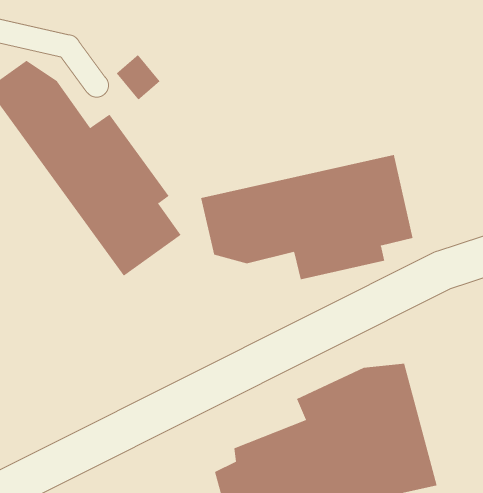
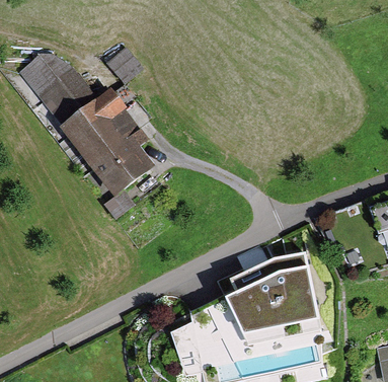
building: [200,154,413,280] -> none

